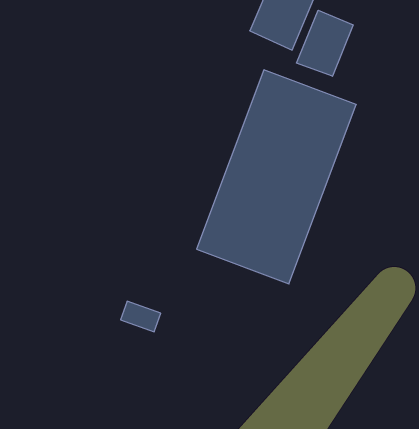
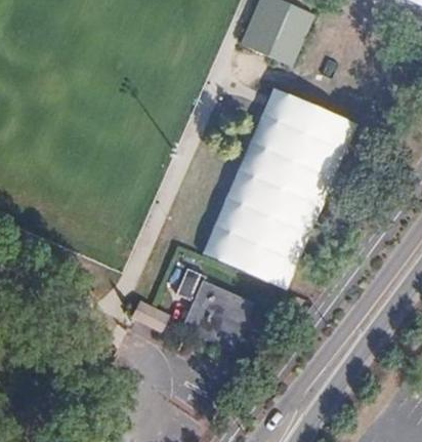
building: [296,10,353,76] -> none
building: none -> [177,267,252,347]

